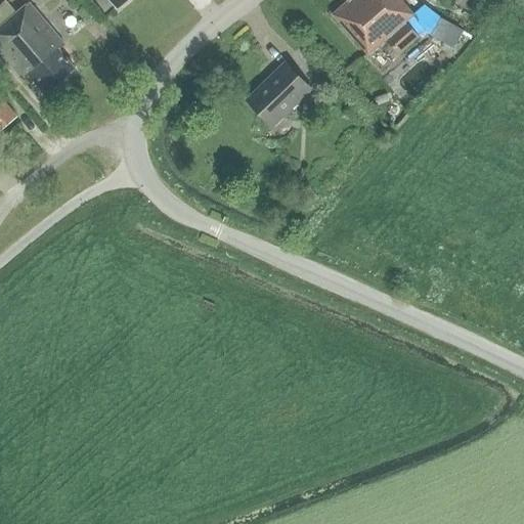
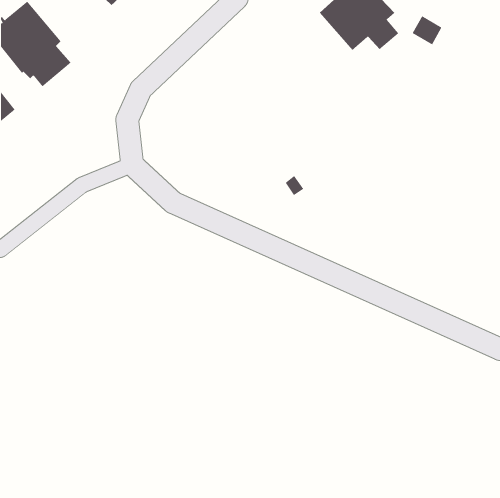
building: [247,61,310,124] -> none

